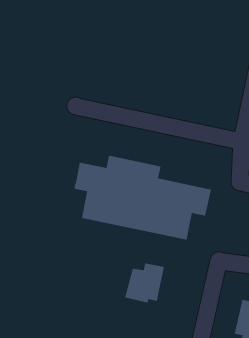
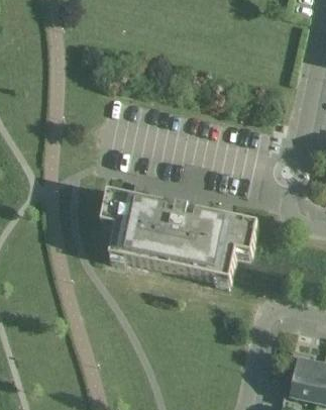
building: [124,263,165,303] -> none

